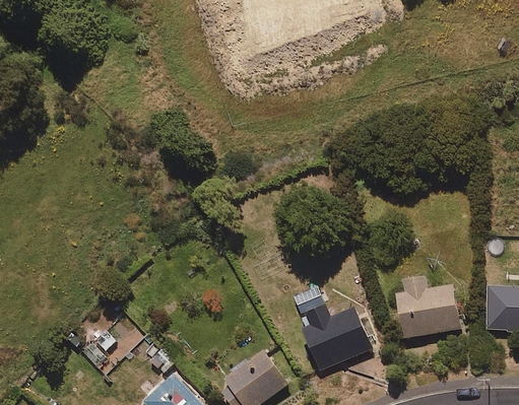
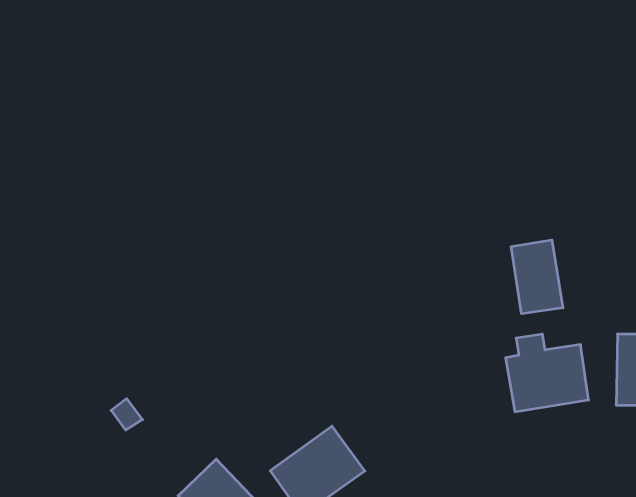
building: none -> [511,240,563,314]
building: [298,307,372,369] -> none

